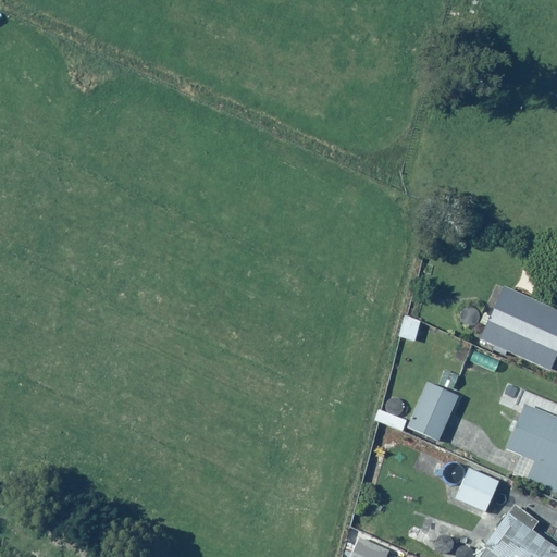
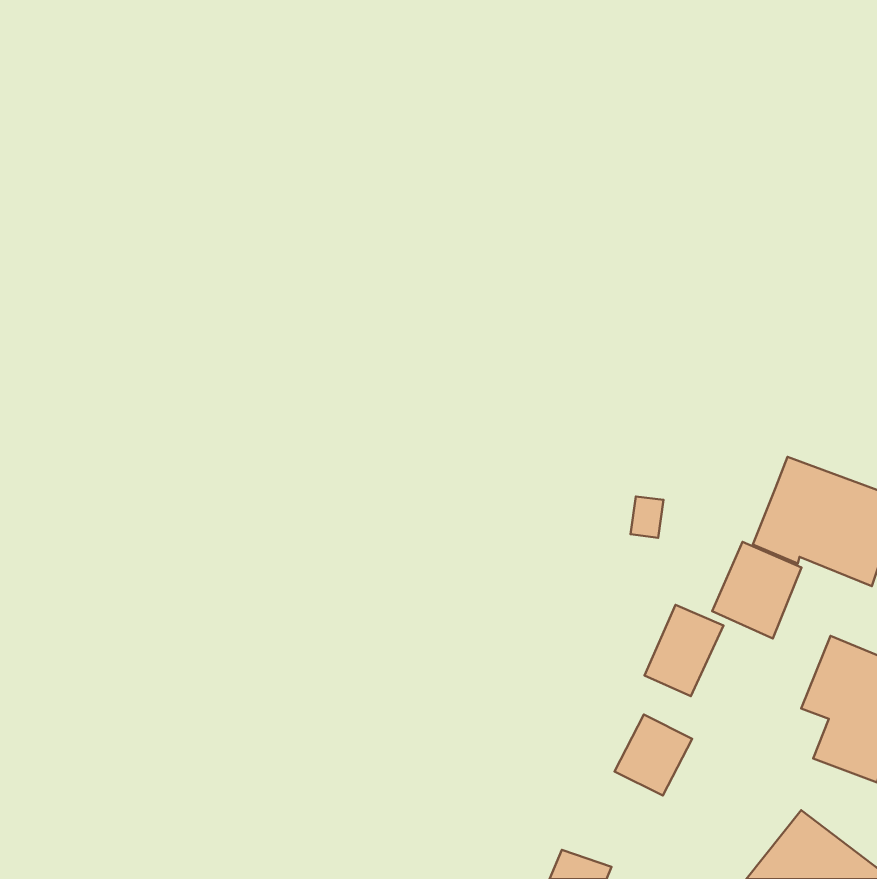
building: none -> [712,542,802,638]
building: [456,460,505,511] -> [615,715,692,796]

